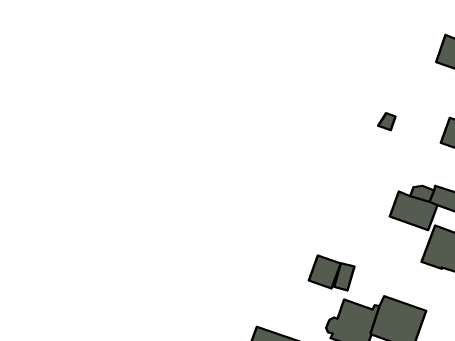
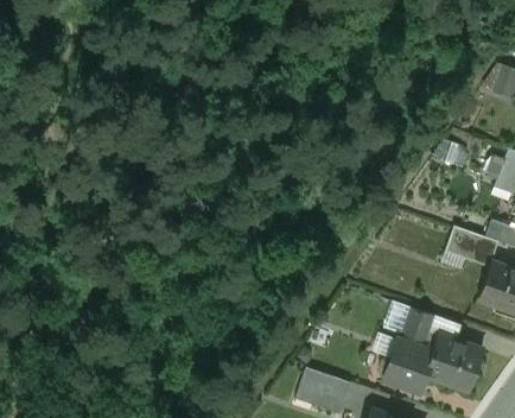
building: [309,256,341,288] -> [402,309,435,343]

